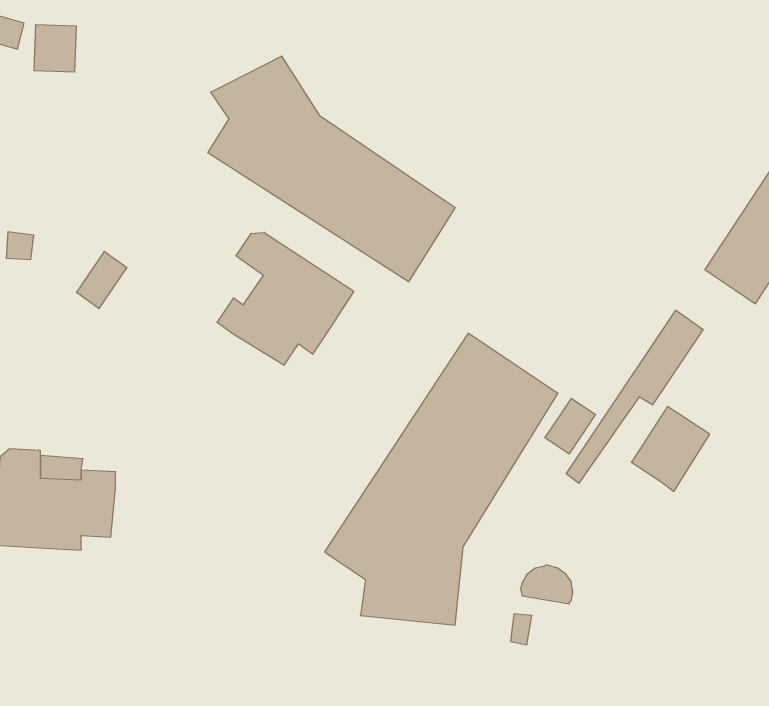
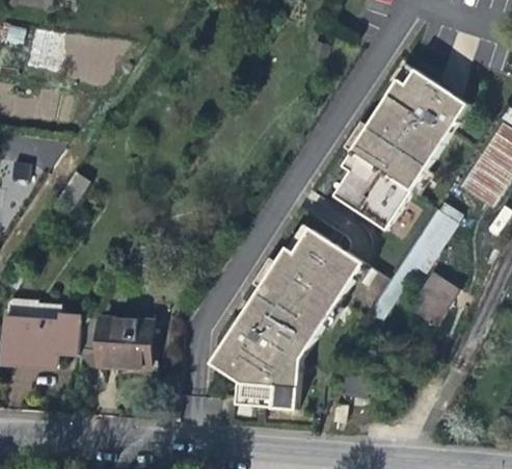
building: [208,56,455,282] -> none
building: none -> [328,68,466,229]
building: [217,232,354,365] -> none
building: none -> [77,314,152,369]

